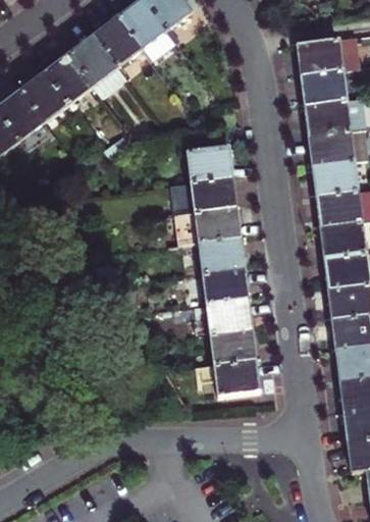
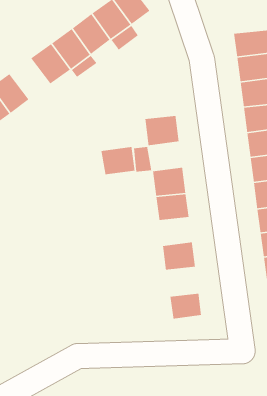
building: [20,71,70,122] -> none
building: [191,174,233,210] -> [101,146,135,175]
building: [204,267,246,302] -> none
building: [212,328,254,364] -> none

